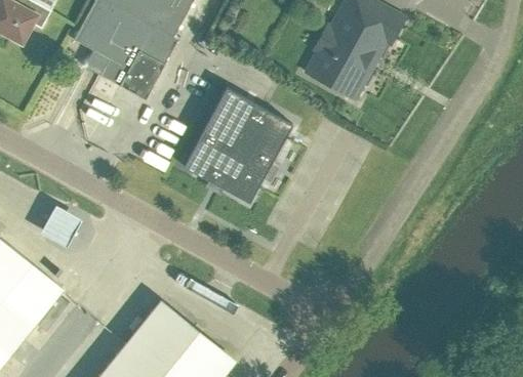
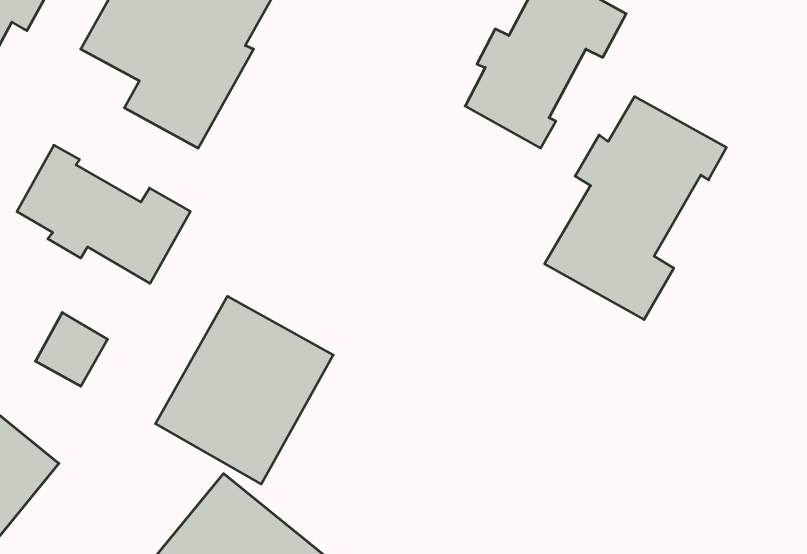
building: none -> [545,97,726,320]
building: [184,89,292,204] -> [155,296,333,484]
building: none -> [17,145,190,283]

